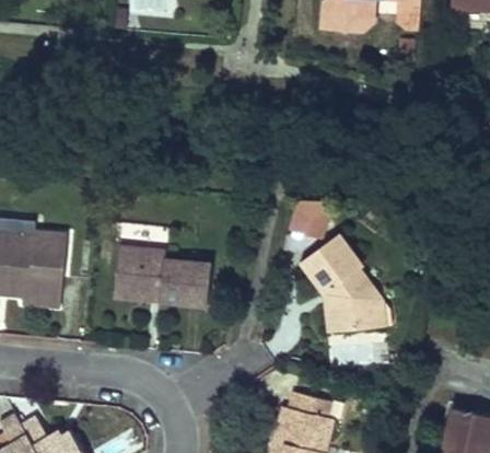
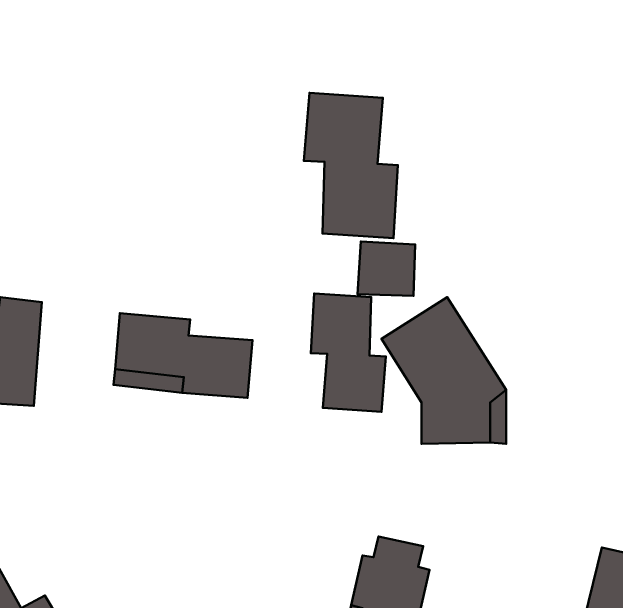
building: none -> [304,93,398,238]
building: none -> [311,294,386,412]

